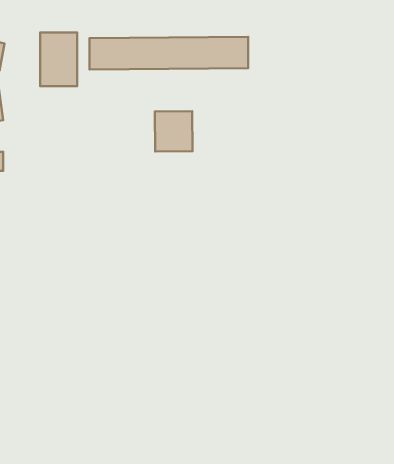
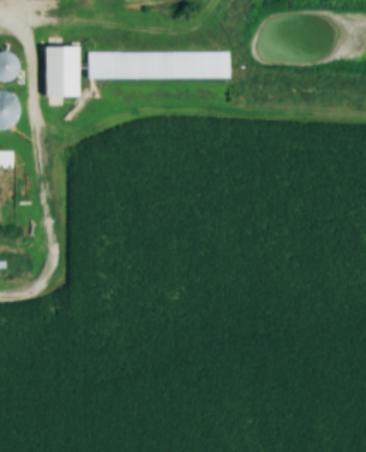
building: [155,111,192,152] -> none

